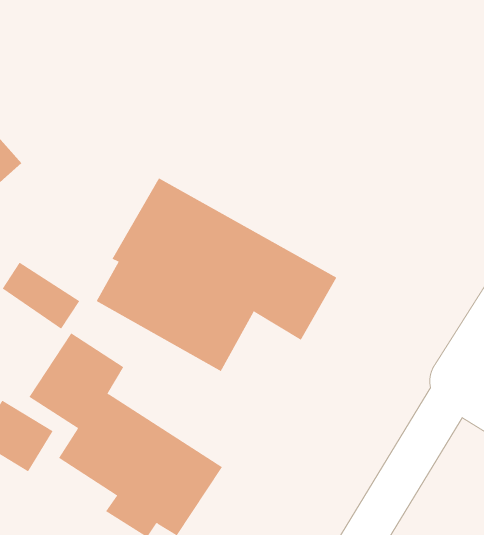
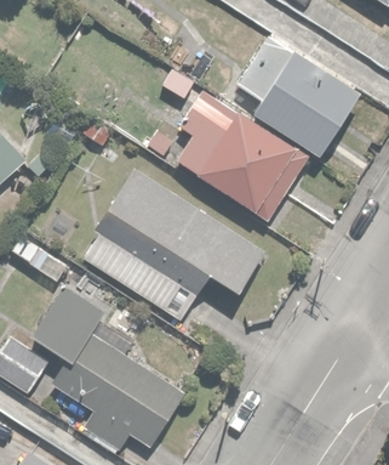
building: none -> [235,35,361,155]
building: none -> [177,91,307,219]

